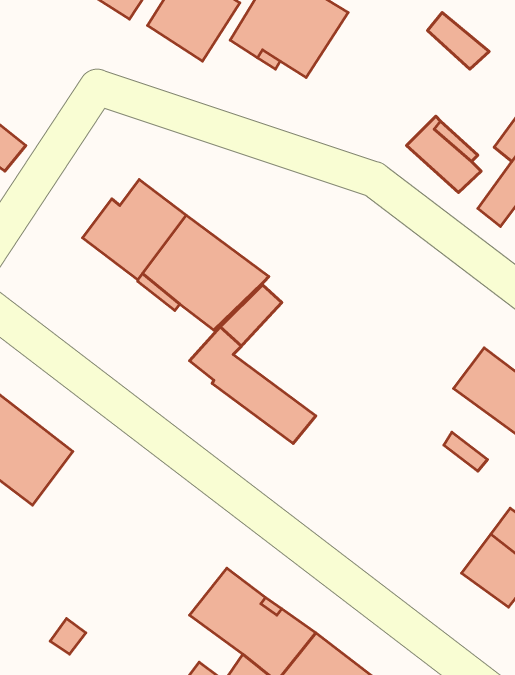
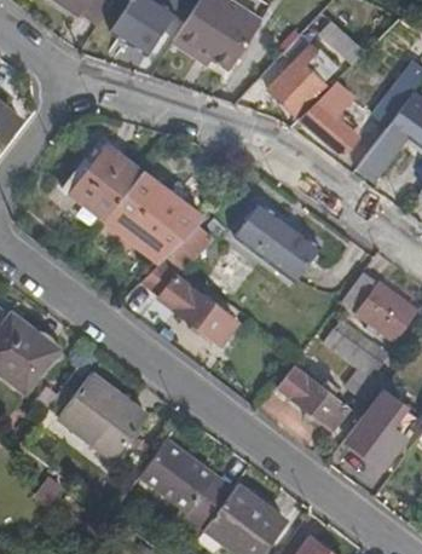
building: none -> [268,44,326,116]
building: none -> [235,204,320,282]
building: none -> [277,365,348,429]
building: none -> [59,376,145,460]

